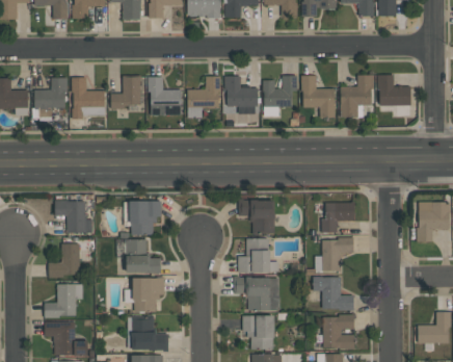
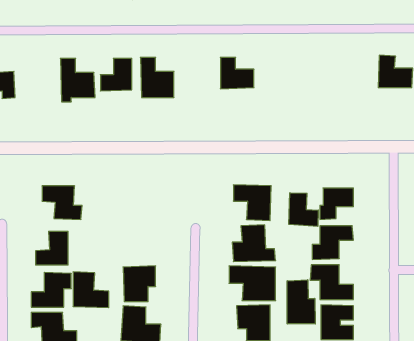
building: [302,75,336,118] -> none
building: [342,75,373,118] -> none
building: [188,76,220,118] -> none
building: [264,76,298,117] -> none
building: [34,77,68,108] -> none
building: [130,200,162,234] -> none
building: none -> [289,193,318,226]
building: [127,238,161,273] -> [73,272,109,308]
building: none -> [287,280,315,324]

